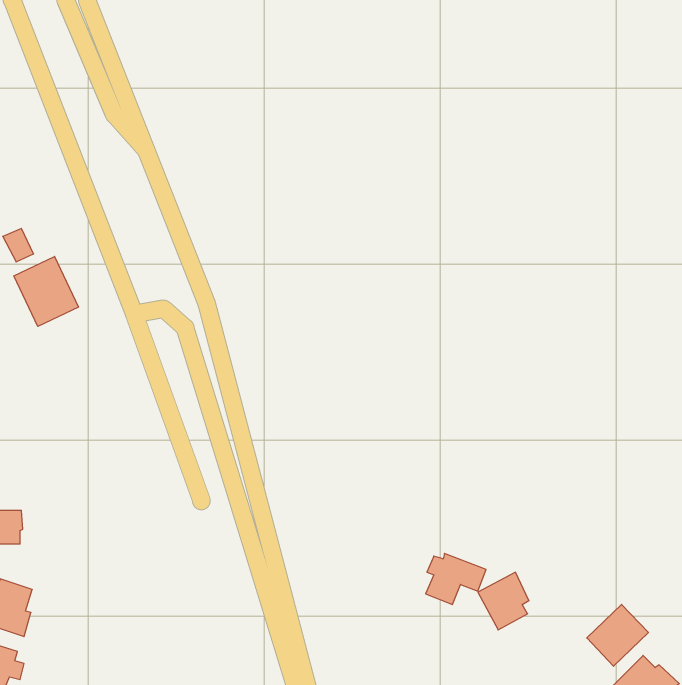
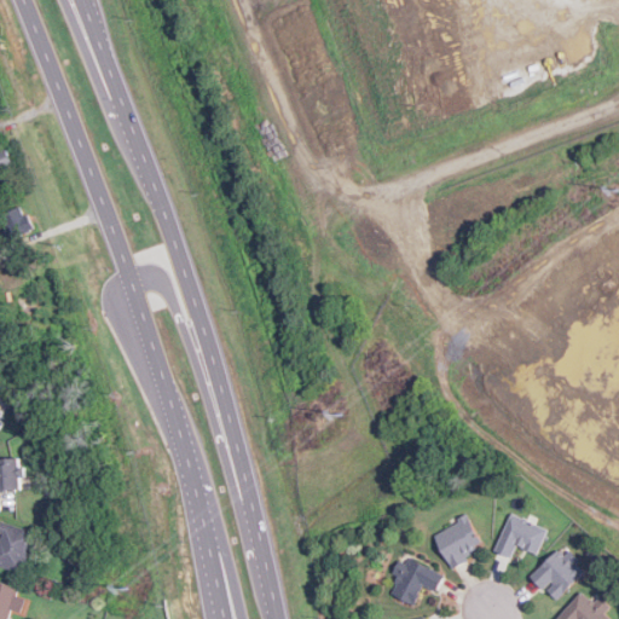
building: [14,256,78,326] -> none
building: [426,553,486,605] -> [387,559,441,604]
building: none -> [492,514,544,559]

